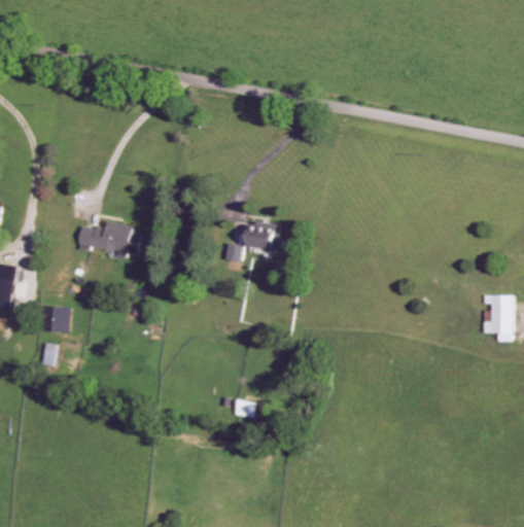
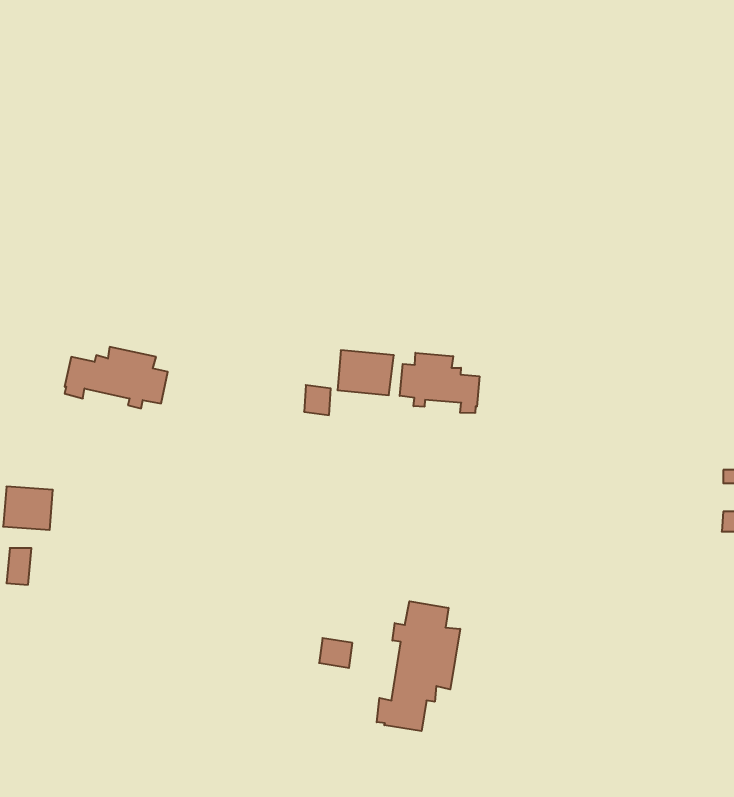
building: none -> [400,353,479,413]
building: none -> [377,601,460,731]

